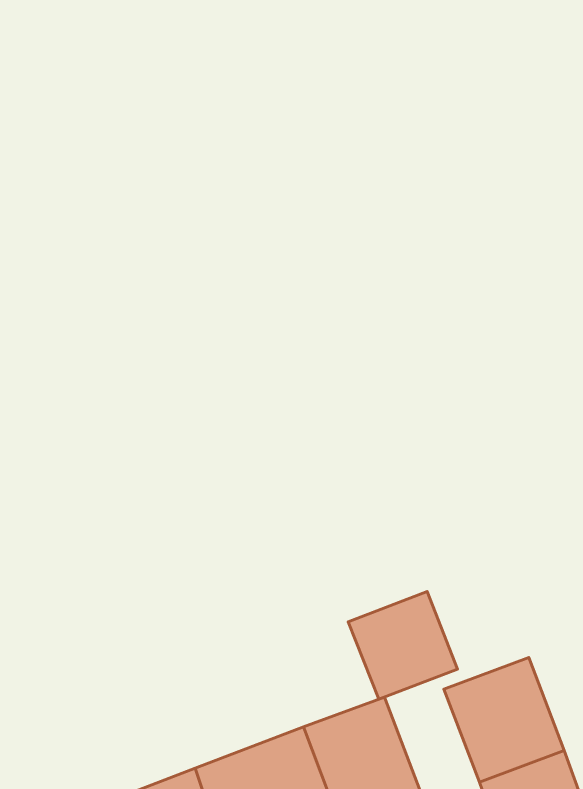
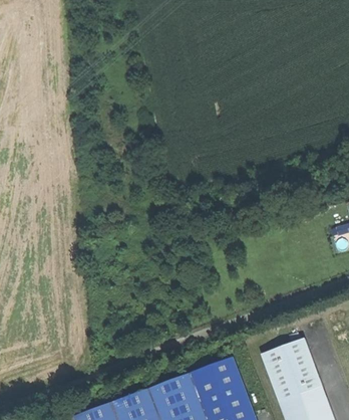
building: [348,591,457,699] -> none

